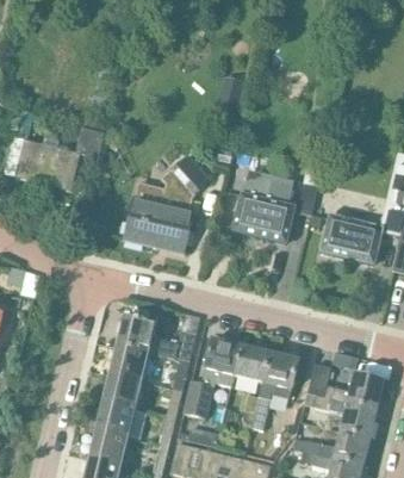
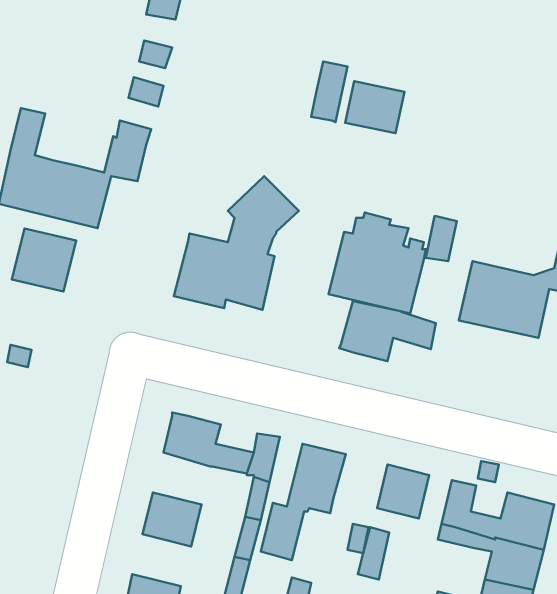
building: none -> [345,81,405,133]
building: none -> [12,228,76,292]
building: none -> [339,301,436,361]
building: [108,343,148,379] -> none
building: [232,344,269,381] -> none
building: [94,399,135,435] -> none

